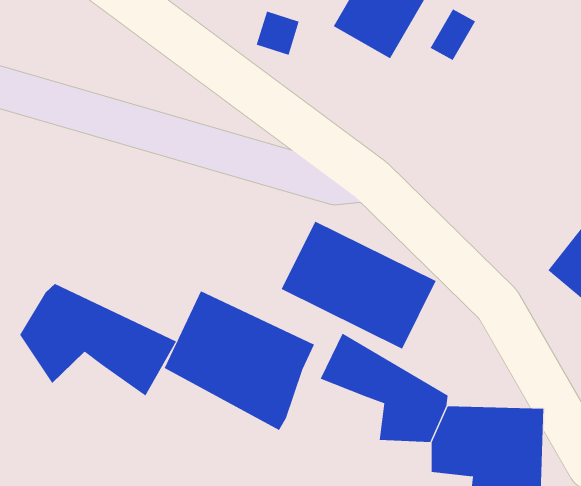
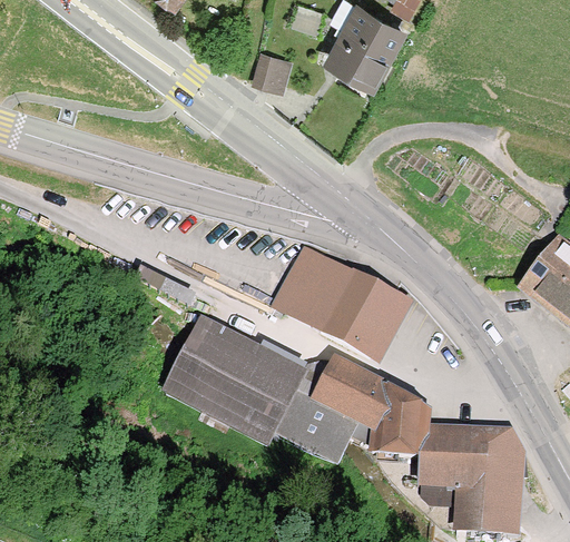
building: [430,8,476,61] -> none
building: [20,283,177,397] -> none
building: none -> [279,387,353,454]

